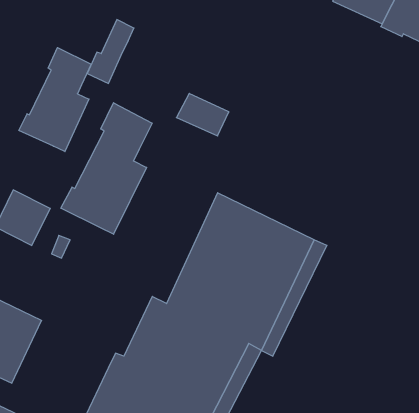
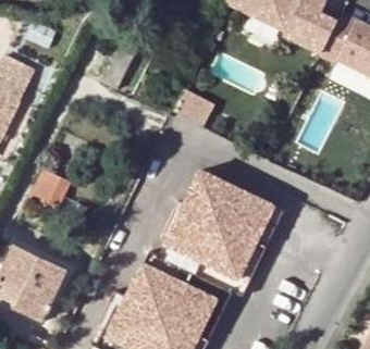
building: [19,48,91,152] -> none
building: [61,103,152,234] -> none

